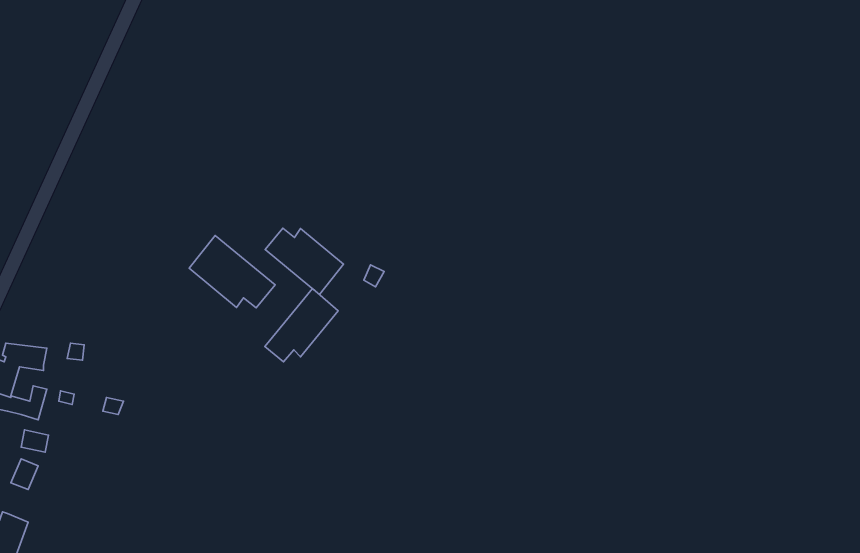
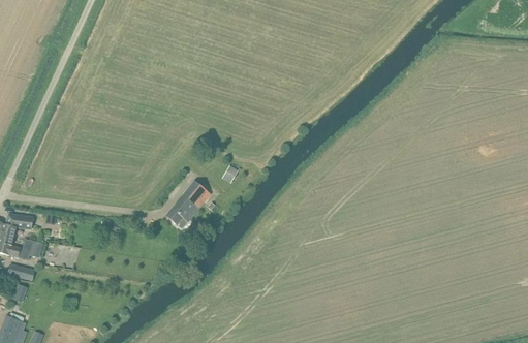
building: [265,228,343,294] -> none
building: [189,235,275,308] -> none

